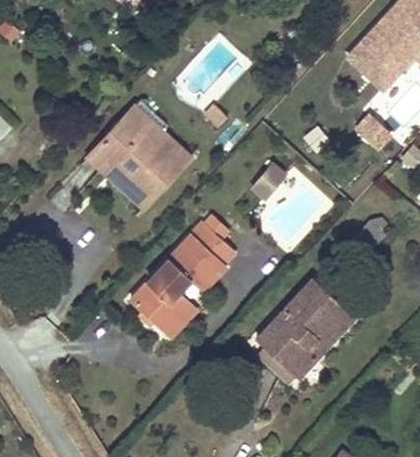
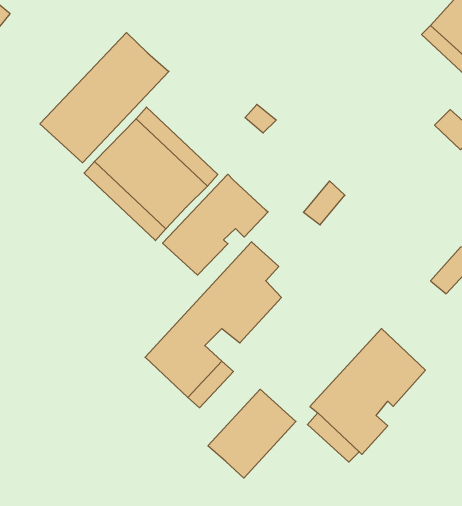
building: none -> [40,33,169,163]
building: none -> [163,174,268,275]
building: none -> [208,389,296,478]

